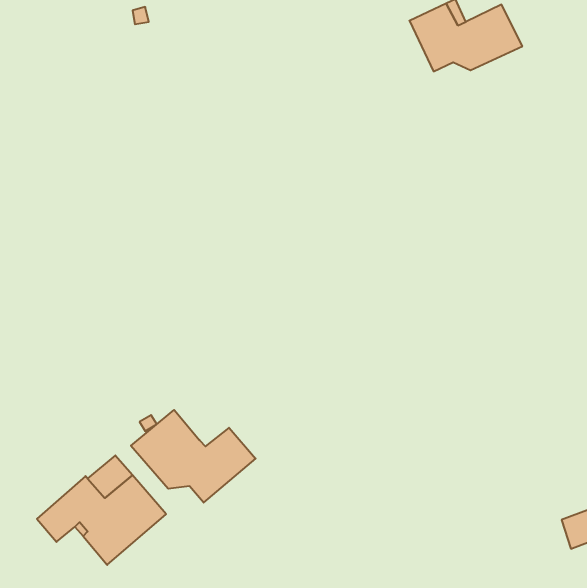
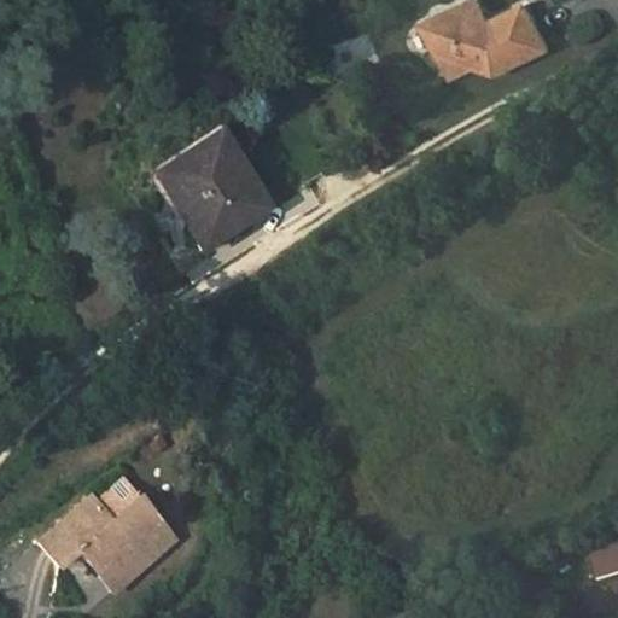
building: none -> [153,129,269,249]
building: [131,410,256,503] -> none

